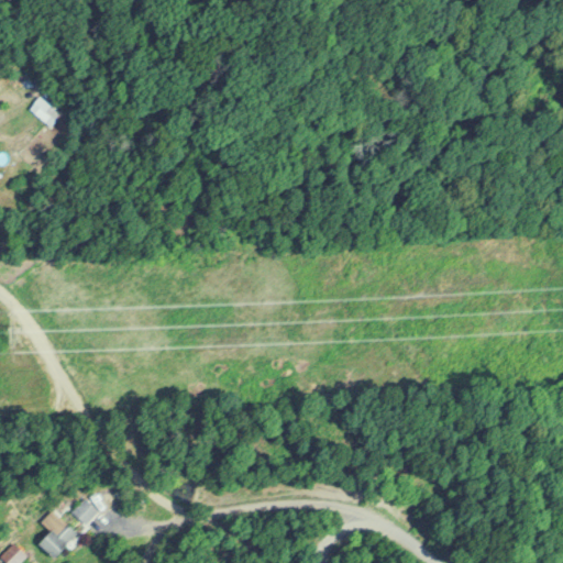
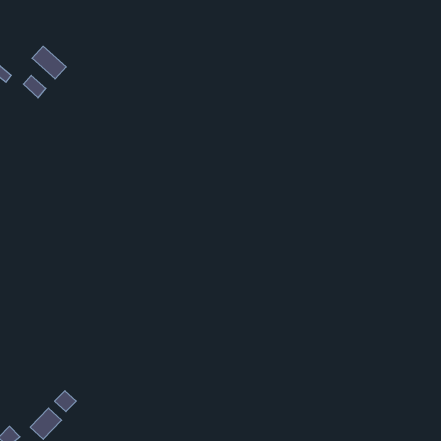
building: none -> [32,46,66,79]

